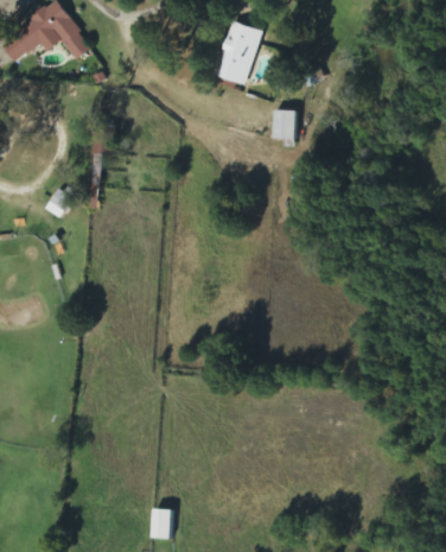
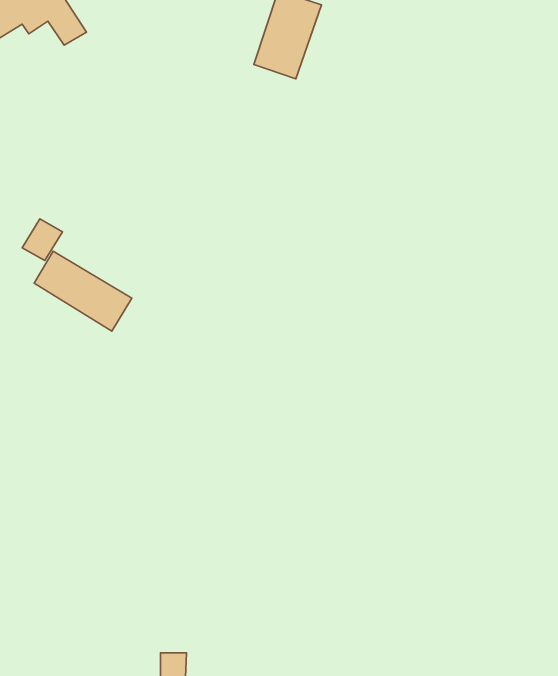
building: [275,110,298,146] -> none
building: none -> [34,251,132,331]

